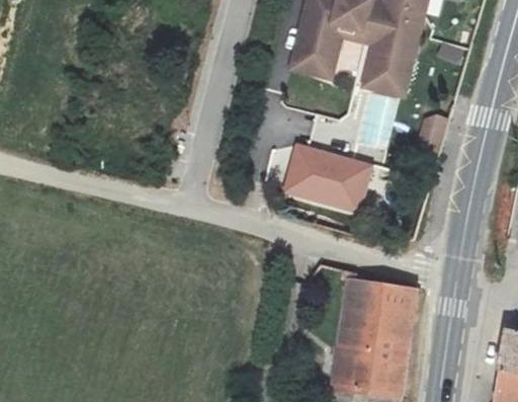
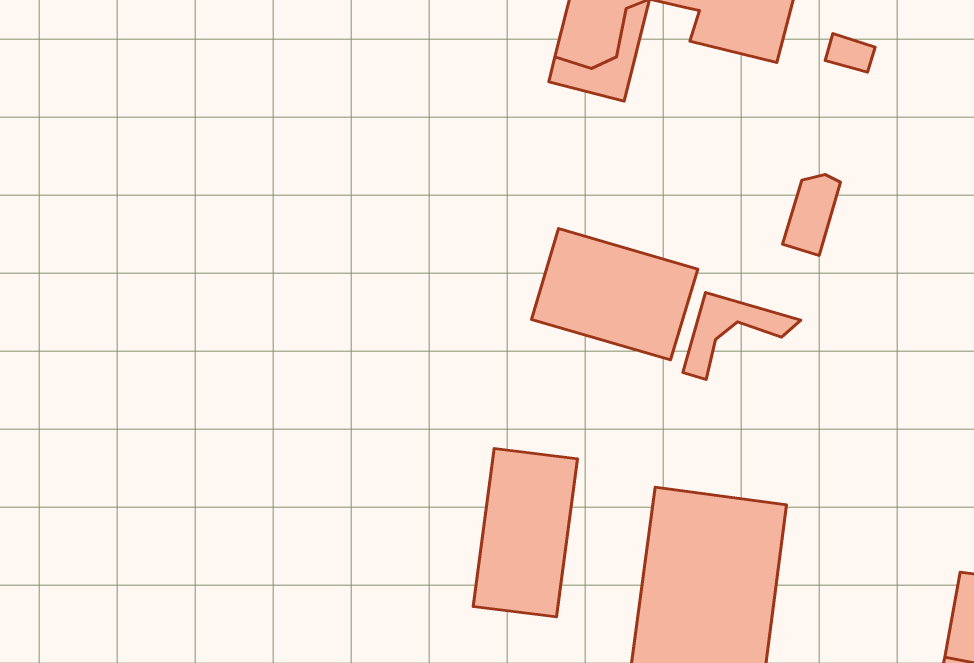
building: [352,29,412,95] -> none
building: none -> [683,292,801,380]
building: none -> [473,448,577,617]

